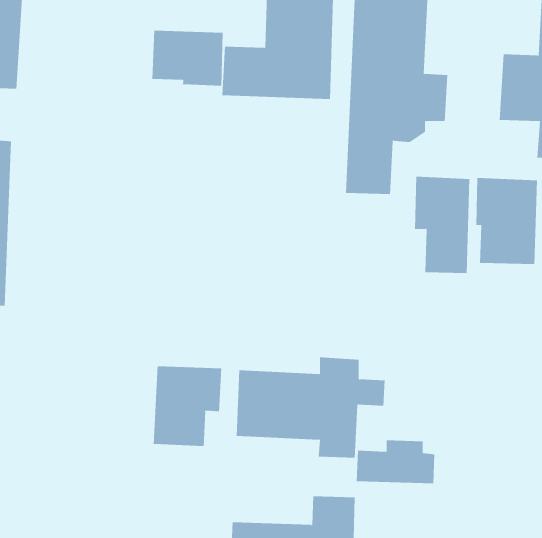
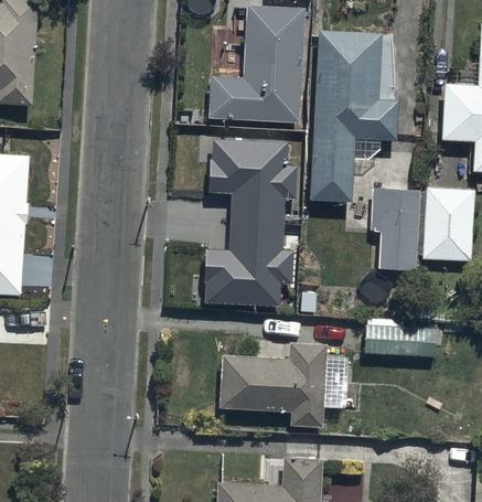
building: [152,30,223,87] -> none
building: none -> [210,143,300,310]
building: [153,366,222,447] -> none
building: [356,440,435,484] -> [363,319,430,356]

